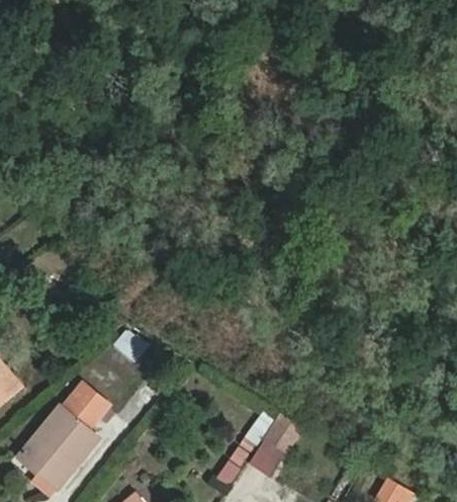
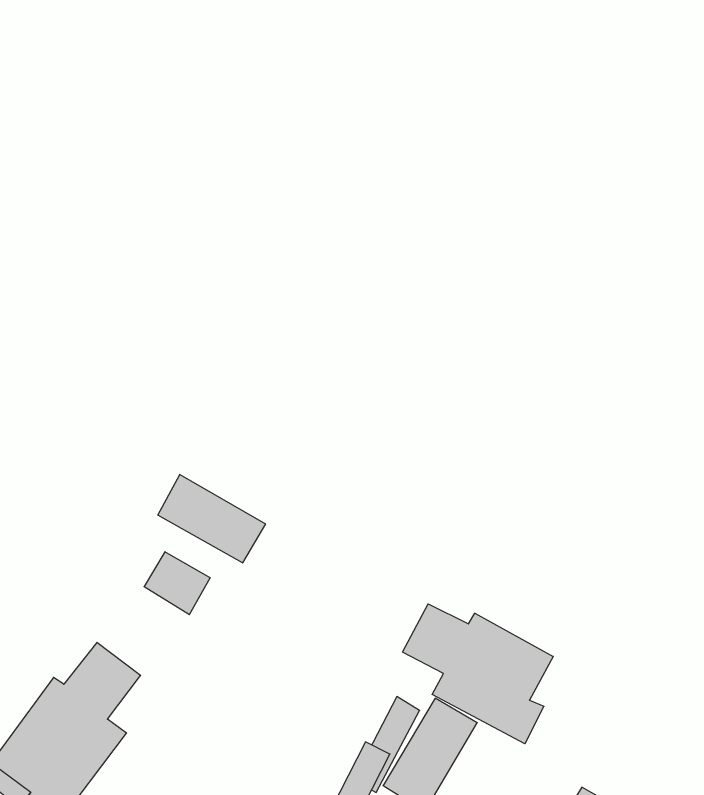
building: none -> [158,474,265,563]
building: none -> [403,604,553,744]

